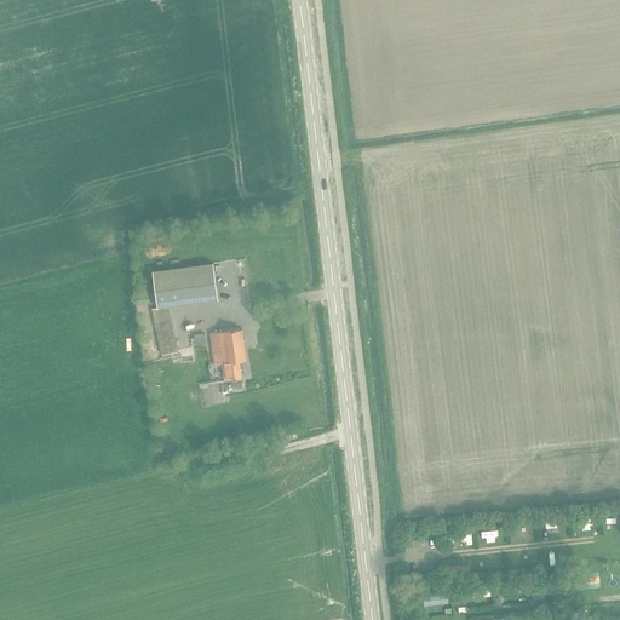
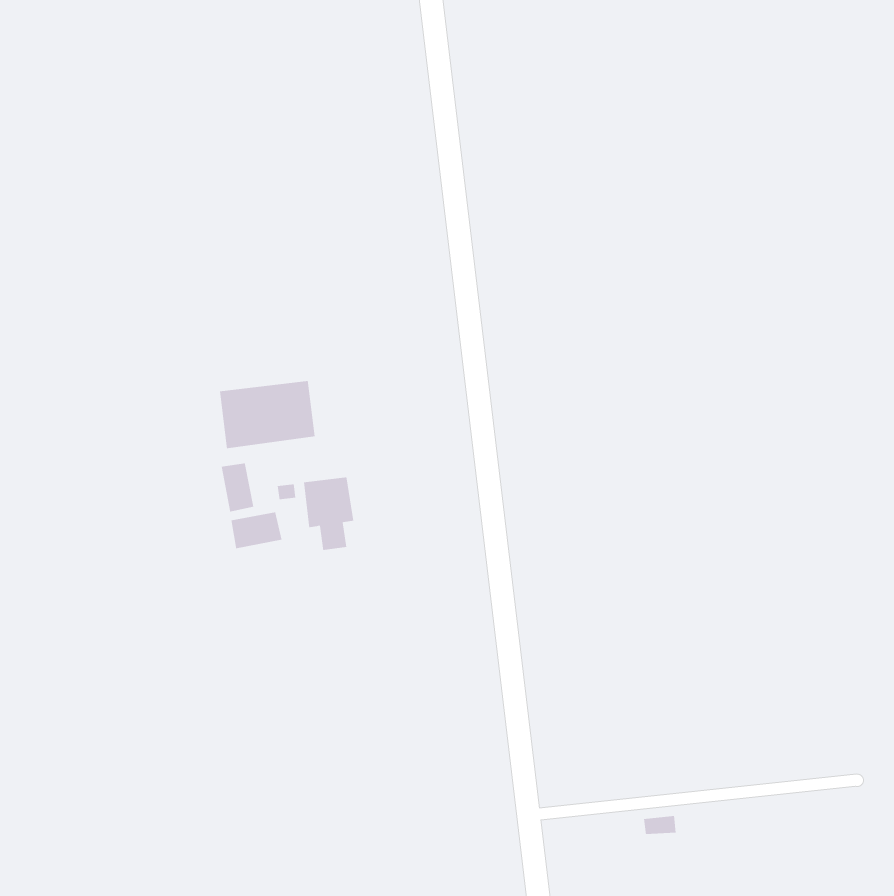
building: none -> [231,512,282,549]

